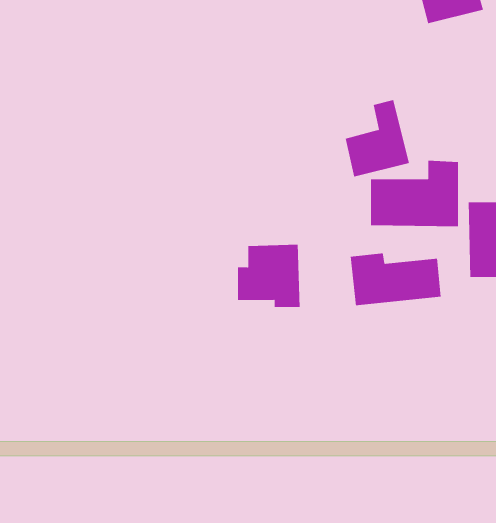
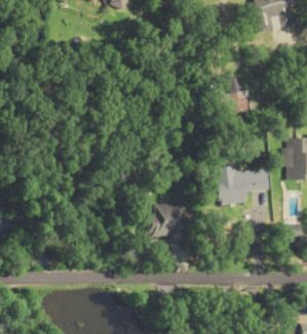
building: [371,160,458,227] -> none
building: [237,244,300,307] -> [148,203,185,240]

